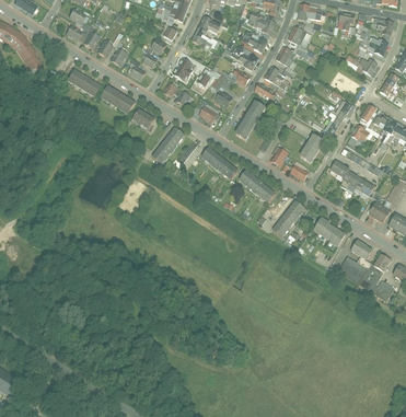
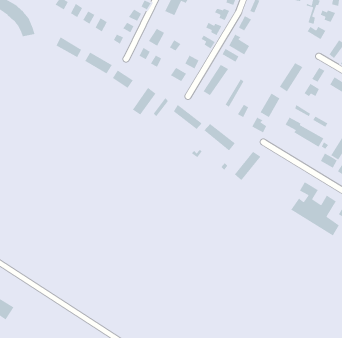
building: [311,215,344,246] -> none

